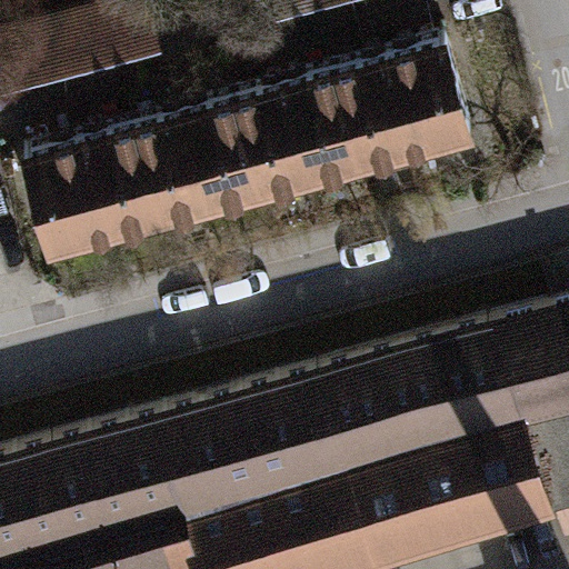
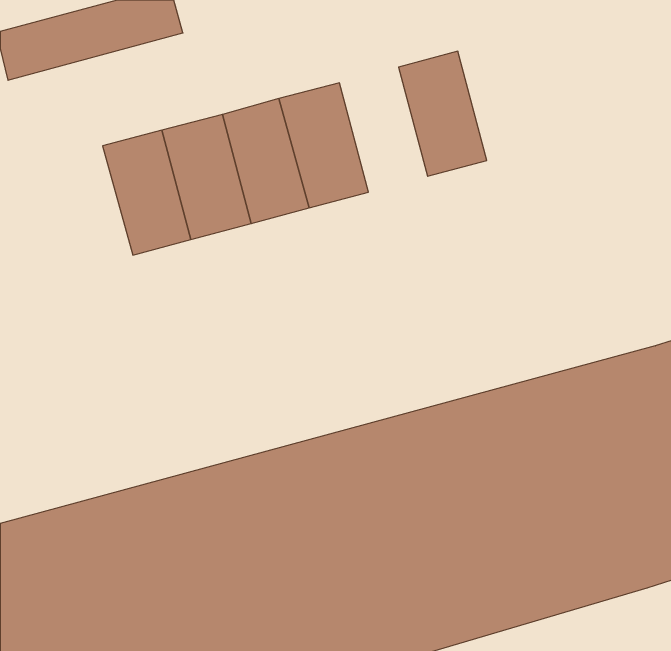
building: [388,44,473,153] -> none
building: [288,74,362,180] -> none
building: [27,141,113,249] -> none

